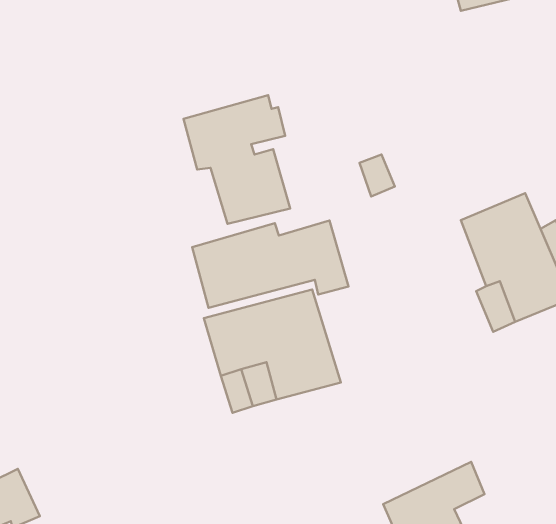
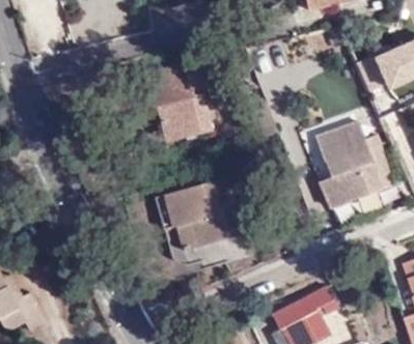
building: [192,220,349,308] -> none

